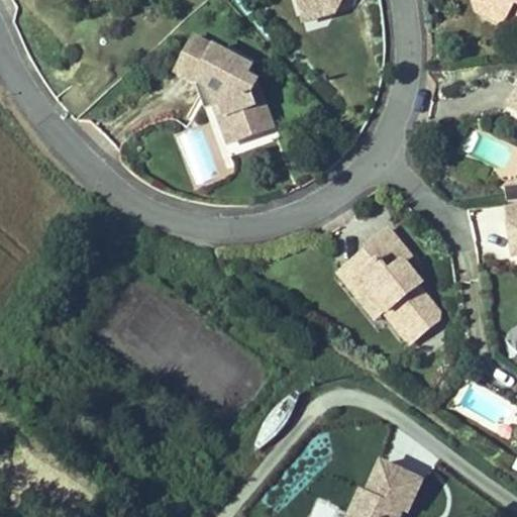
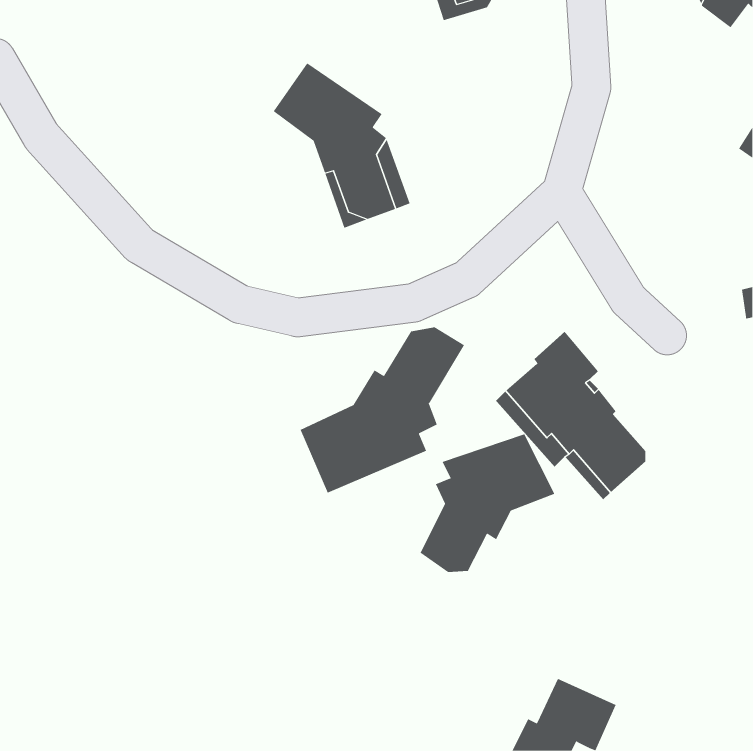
building: none -> [300,327,465,494]
building: none -> [420,434,555,573]

